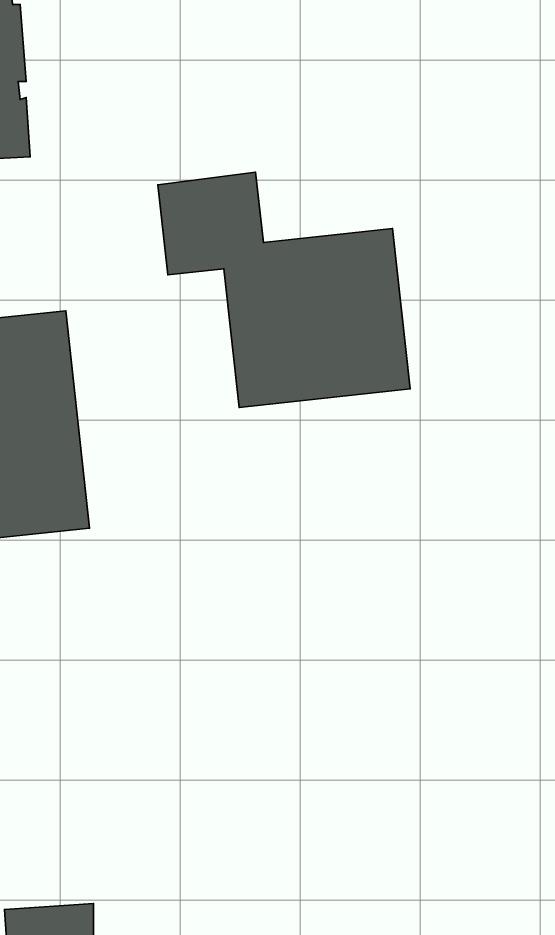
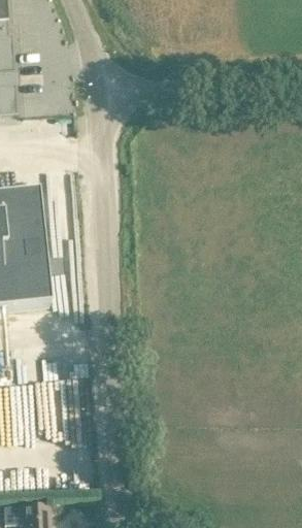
building: [158,172,410,407] -> none

